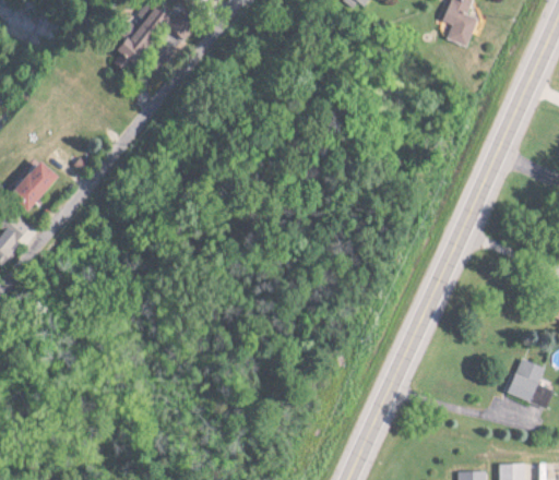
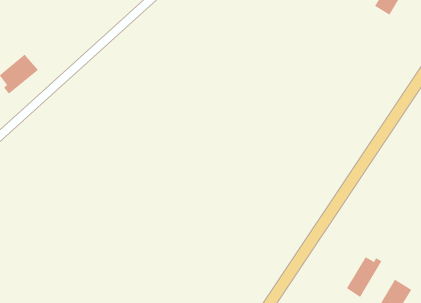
building: none -> [346,256,382,298]

